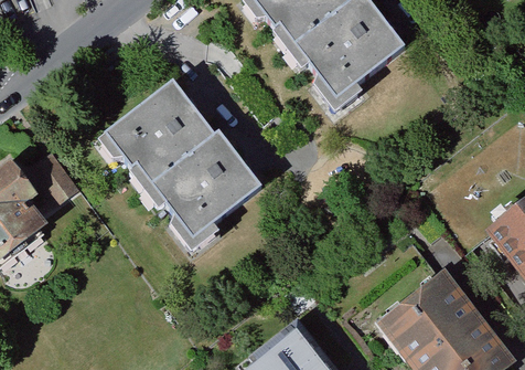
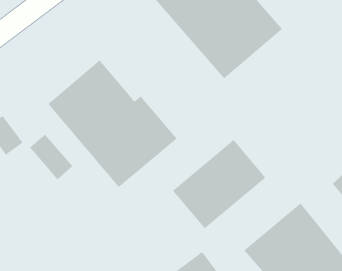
building: none -> [29,134,73,180]
building: none -> [172,139,266,229]

